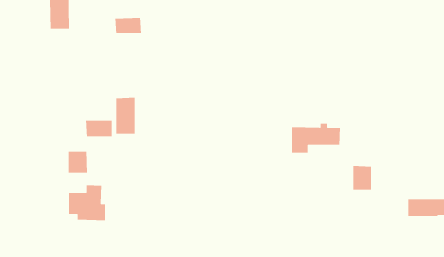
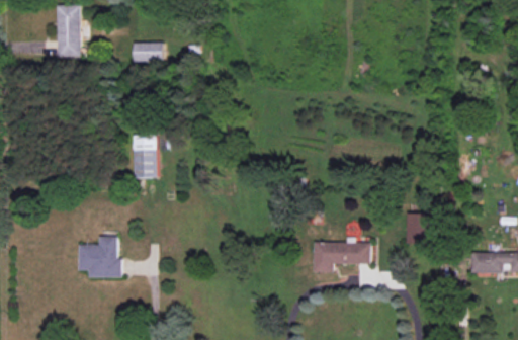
building: [85,120,113,137] -> none
building: [291,123,341,154] -> [314,238,371,273]
building: [68,151,88,173] -> none

